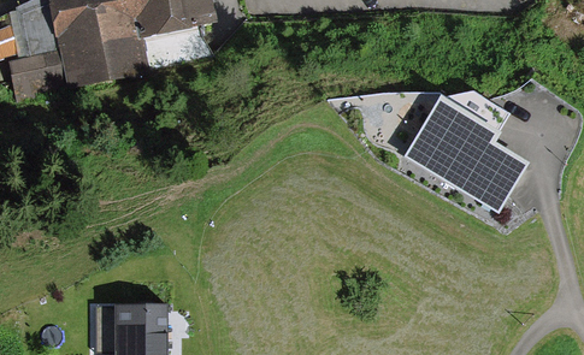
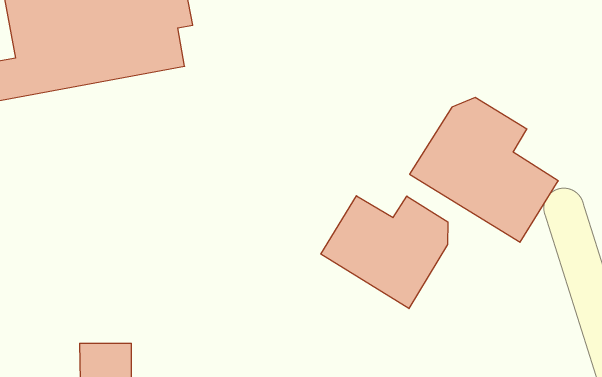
building: none -> [321,196,448,309]

